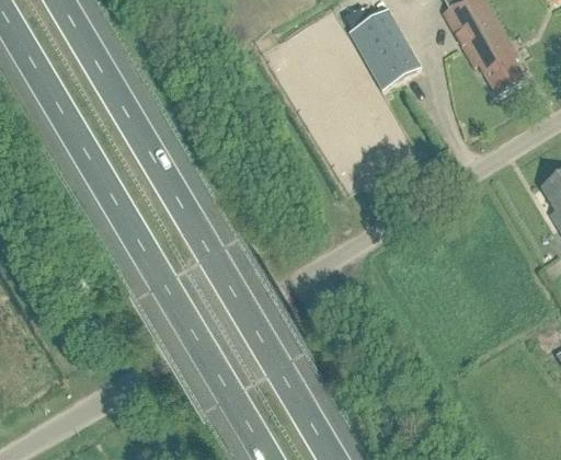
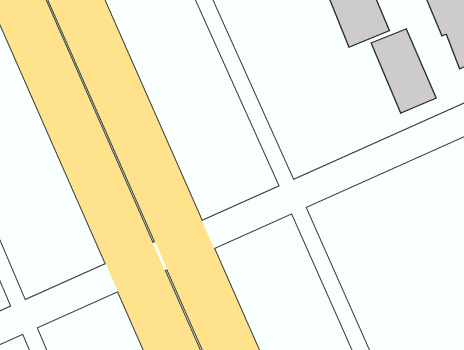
building: none -> [371,29,436,113]

